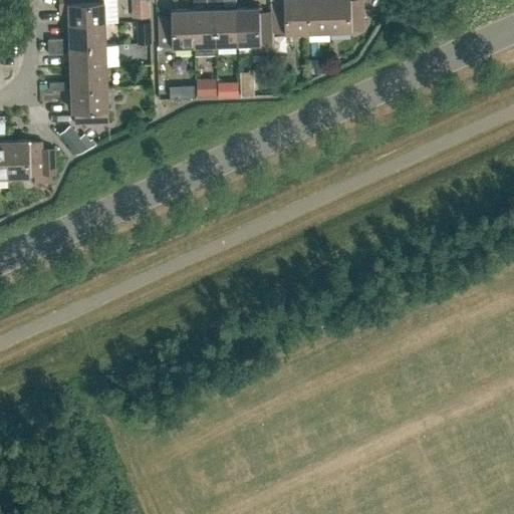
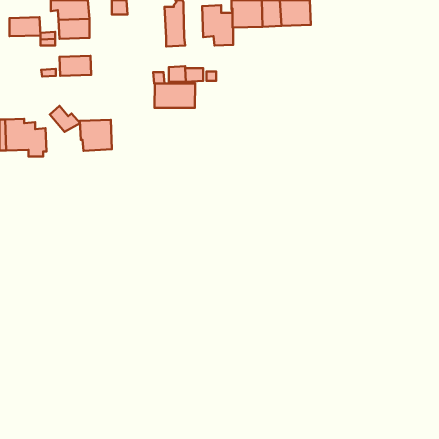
building: [214,8,237,44] -> none
building: [158,9,194,46] -> none
building: [69,45,105,67] -> [9,17,40,36]
building: [70,88,107,124] -> [80,120,112,151]
building: none -> [154,83,195,108]

